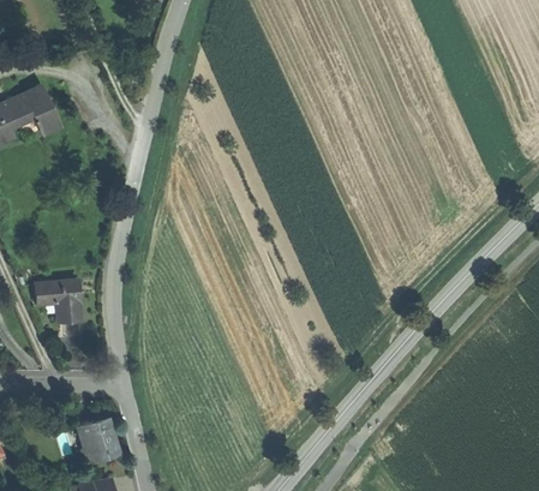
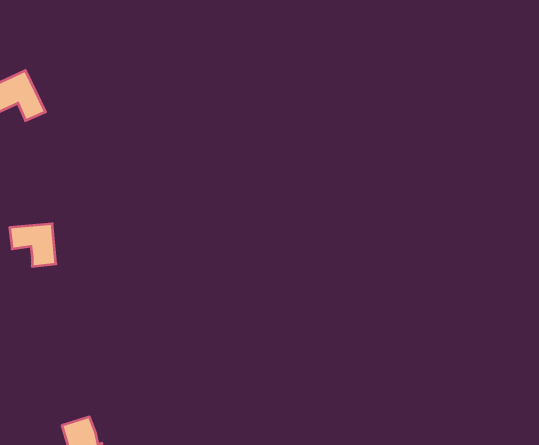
building: [36,280,80,321] -> [10,224,56,266]

